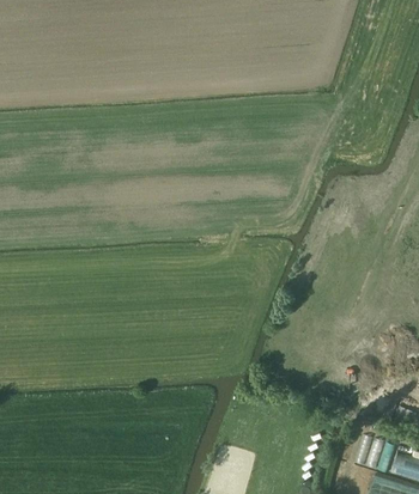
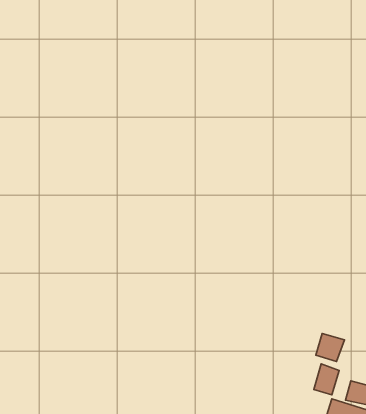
building: none -> [316,333,345,362]

